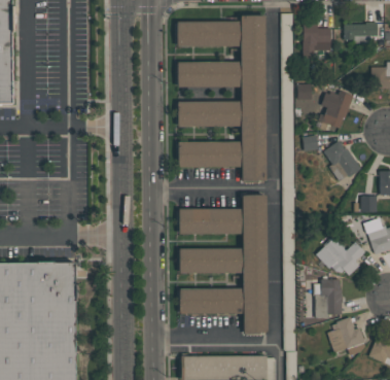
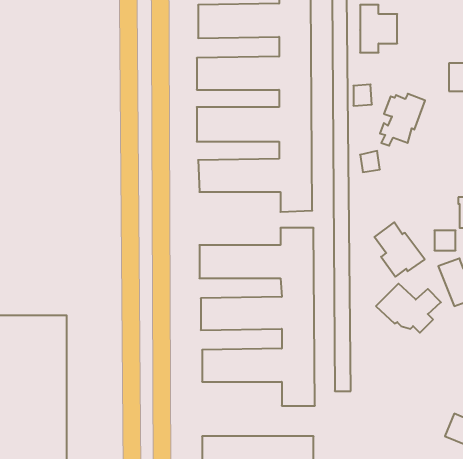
building: [345,23,379,43] -> none
building: [324,140,363,182] -> [374,222,425,277]
building: [315,279,343,319] -> none
building: [328,317,366,356] -> none

